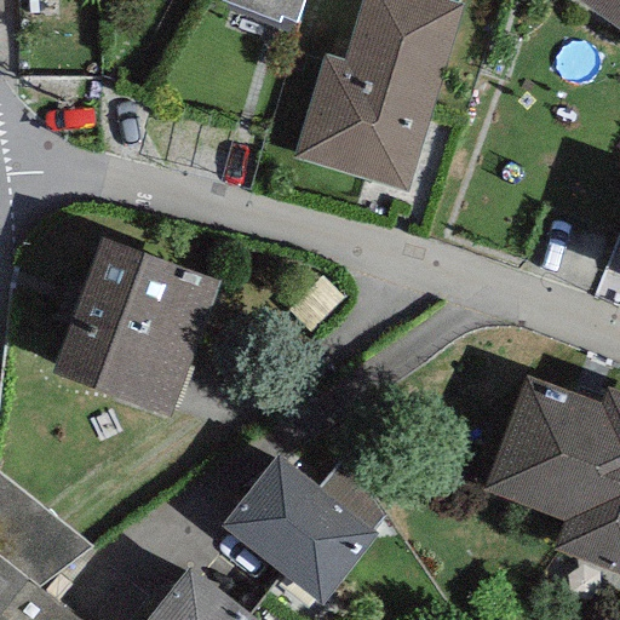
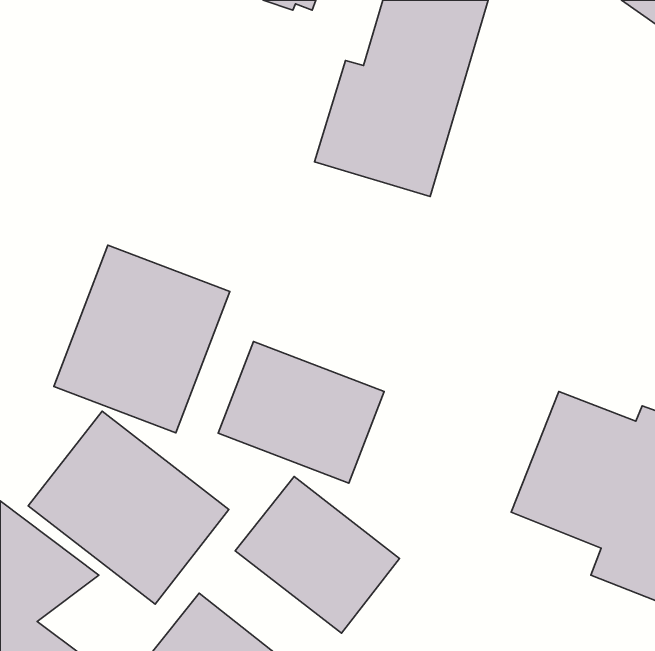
building: none -> [218,342,384,483]
building: none -> [28,411,229,604]

